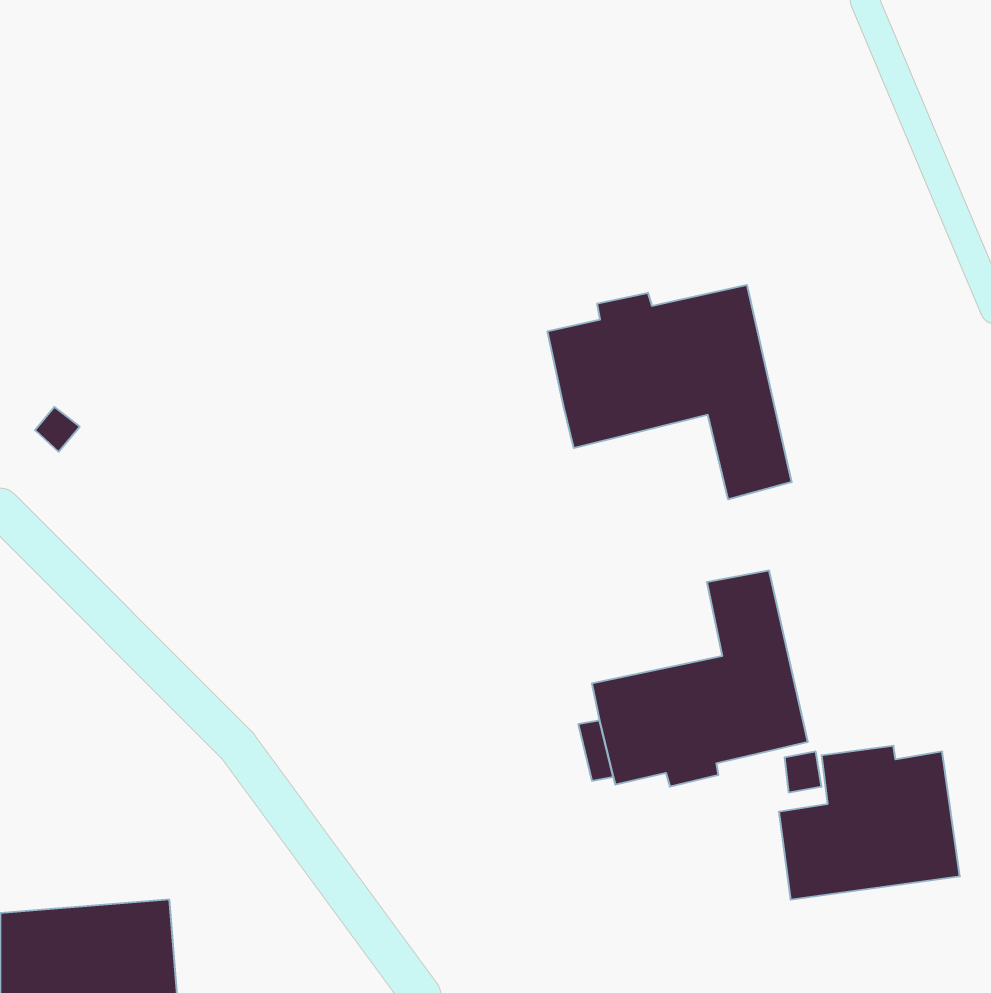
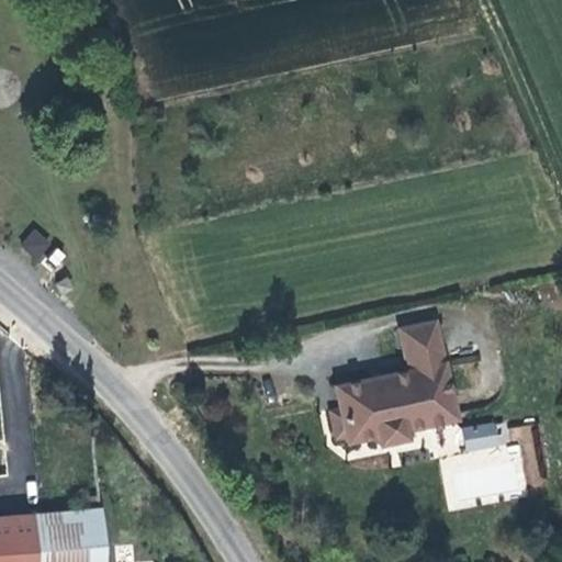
building: [548,285,792,499] -> none

